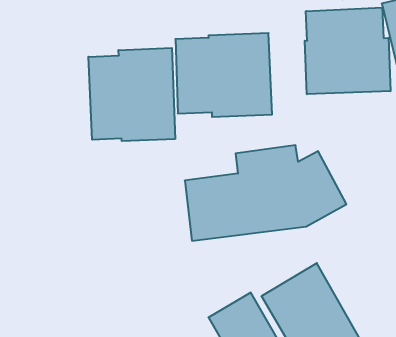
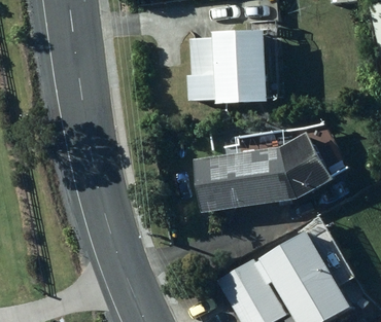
building: [305,8,390,94] -> none
building: [88,48,175,141] -> none

